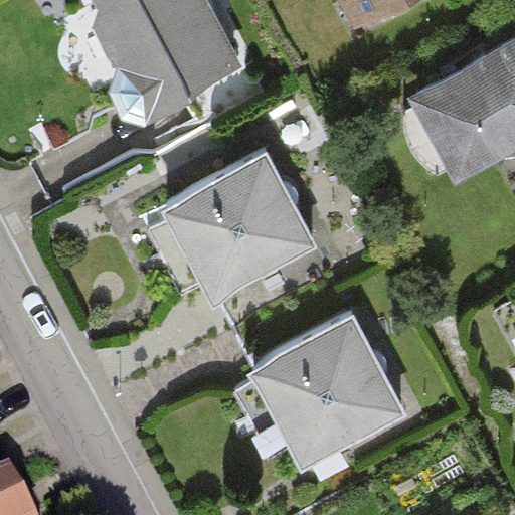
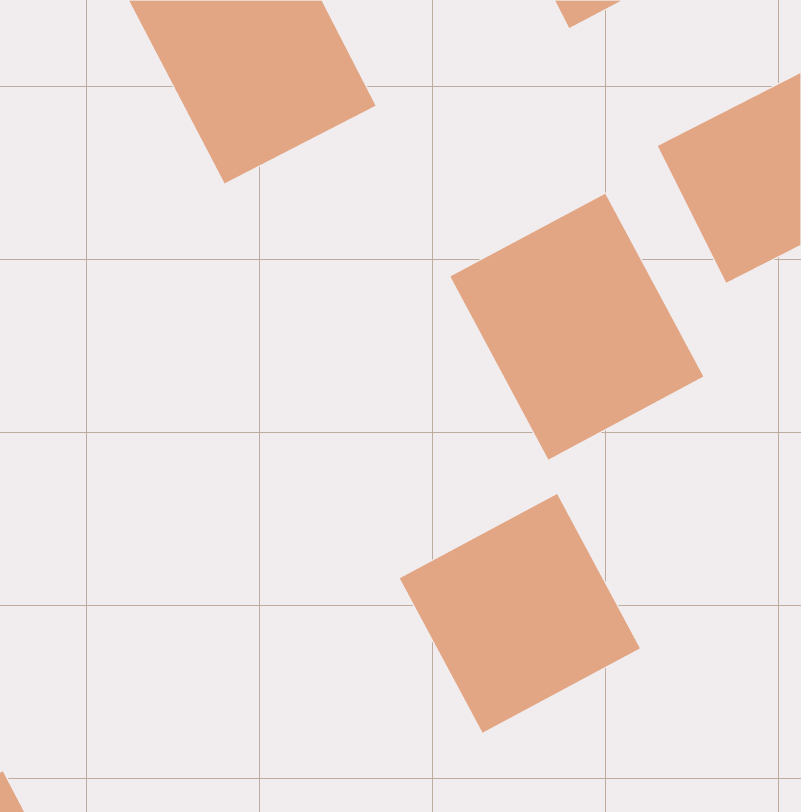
building: none -> [449,193,704,460]
building: [166,151,318,302] -> none

